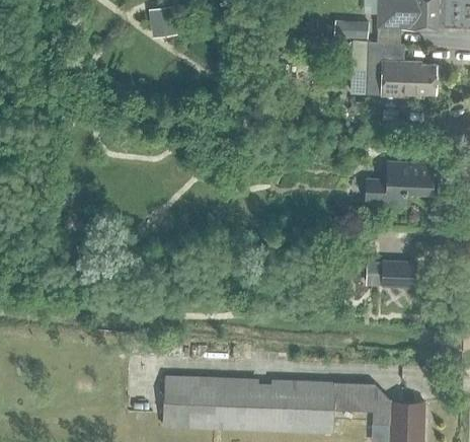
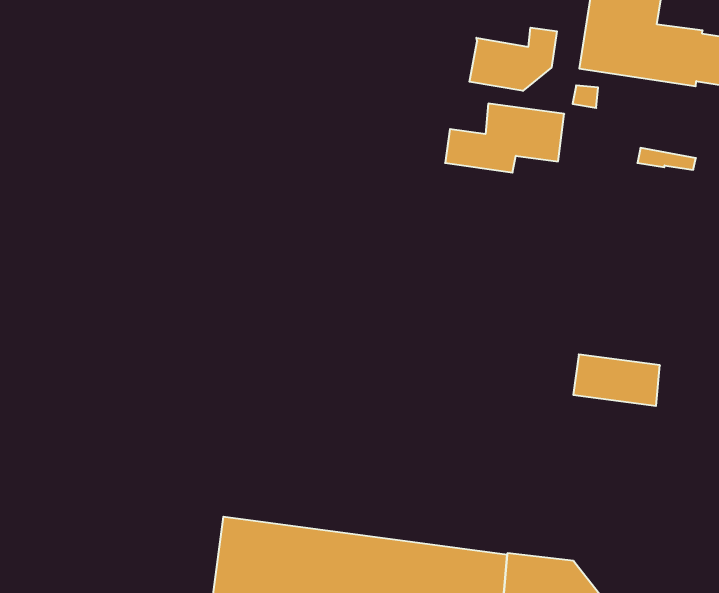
building: none -> [469,28,557,91]
building: [366,162,434,202] -> [445,104,564,173]

